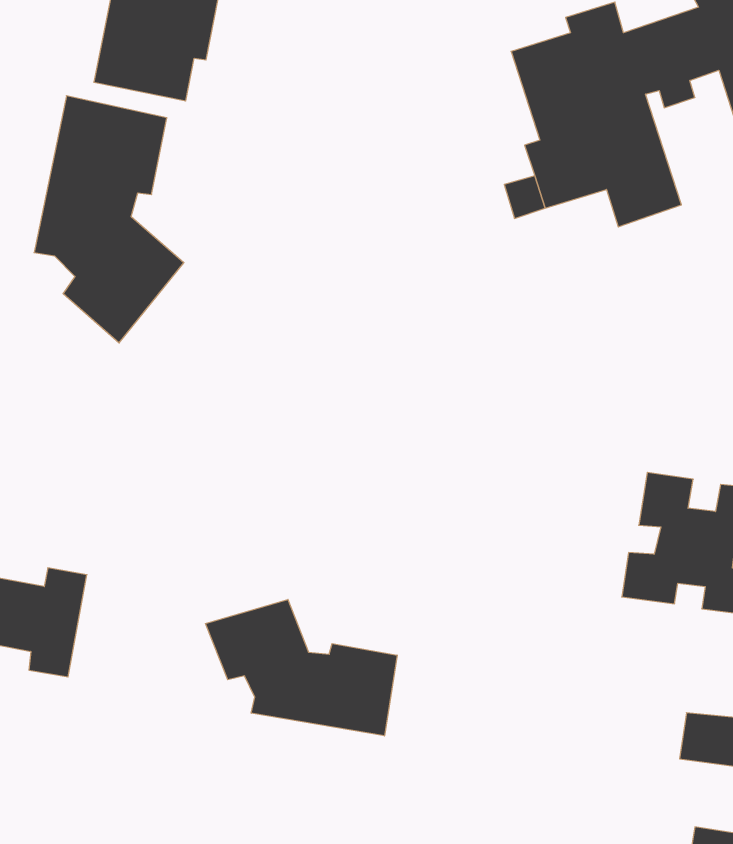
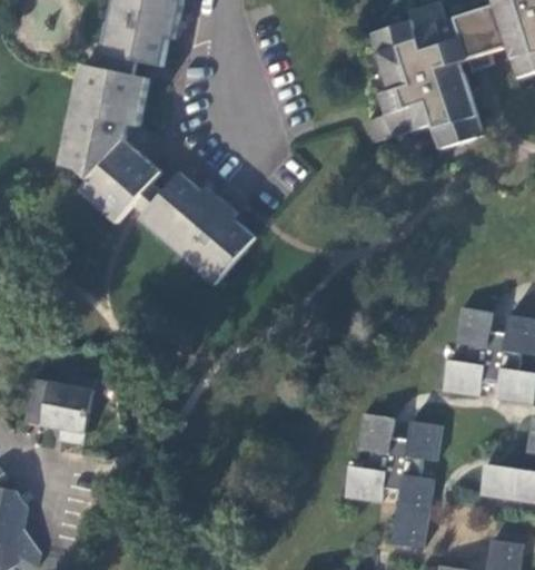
building: none -> [141,174,252,284]
building: [205,599,397,736] -> none
building: none -> [346,415,442,546]

